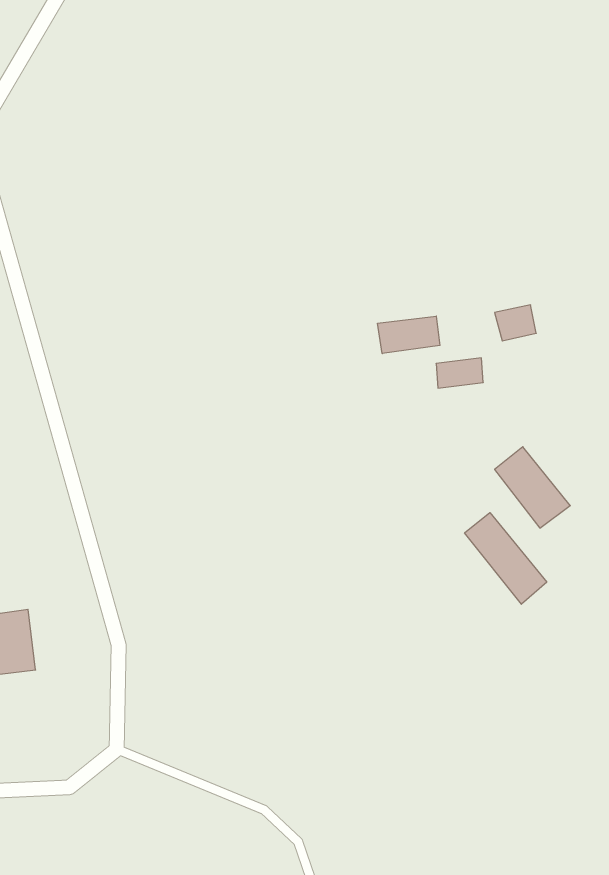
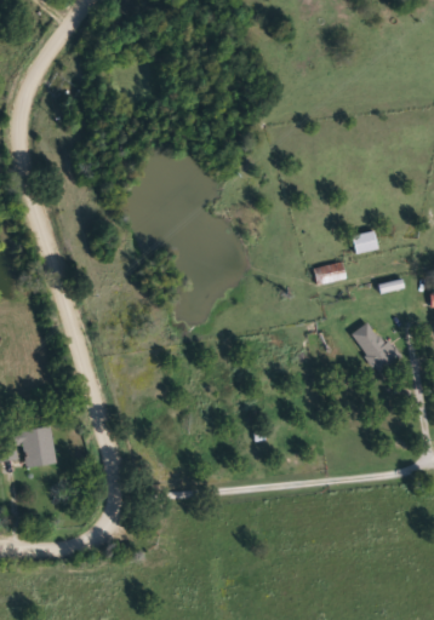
building: [378,316,440,354] -> none
building: [465,513,547,604] -> none

